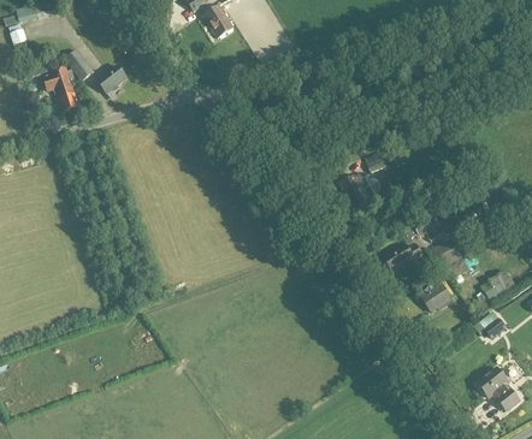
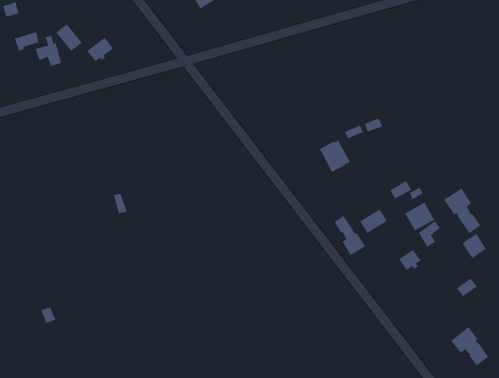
building: none -> [443,188,481,234]
building: none -> [334,215,366,256]

